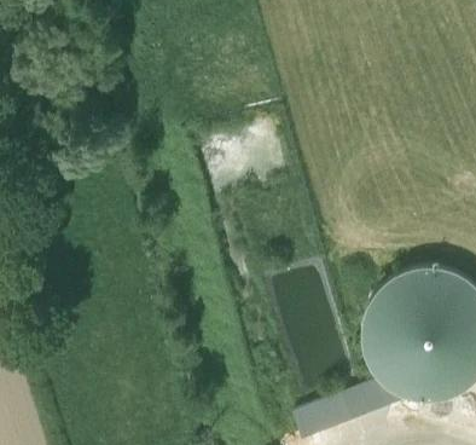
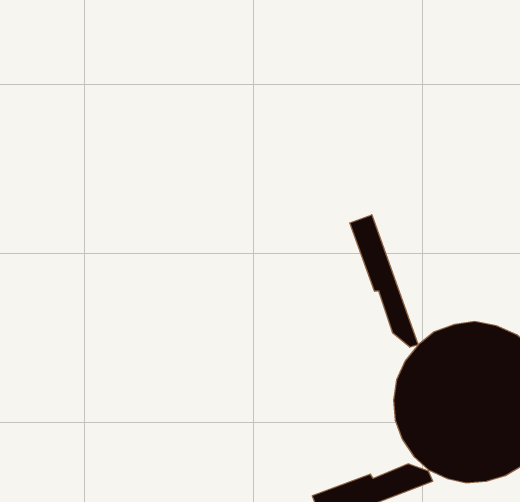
building: none -> [350,215,418,347]

